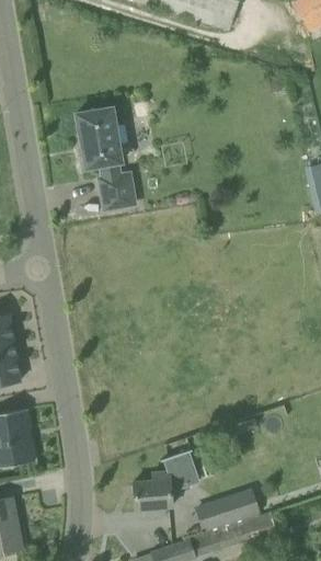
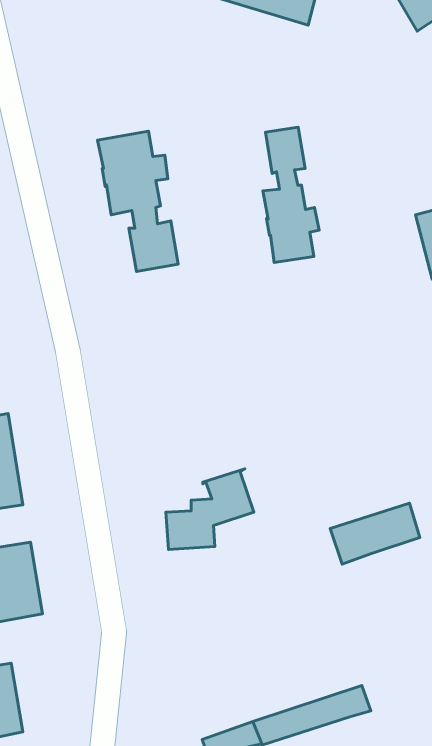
building: none -> [263,127,319,263]
building: [133,449,197,508] -> [166,469,254,550]
building: [193,488,259,533] -> [330,503,420,564]

